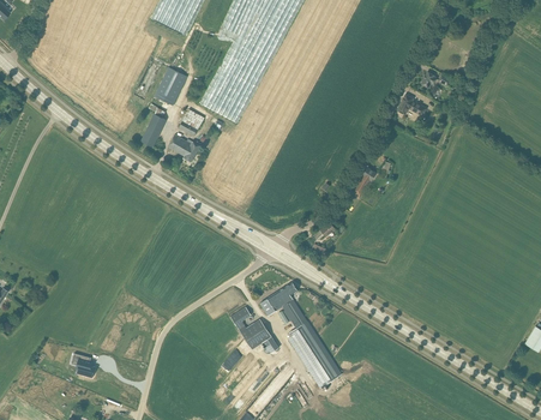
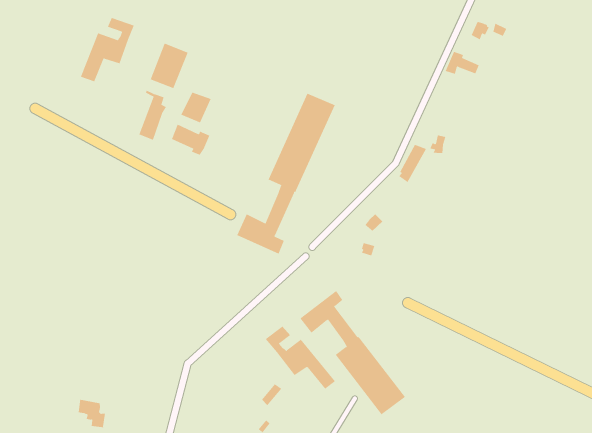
building: none -> [80,17,135,82]
building: none -> [237,93,336,254]

